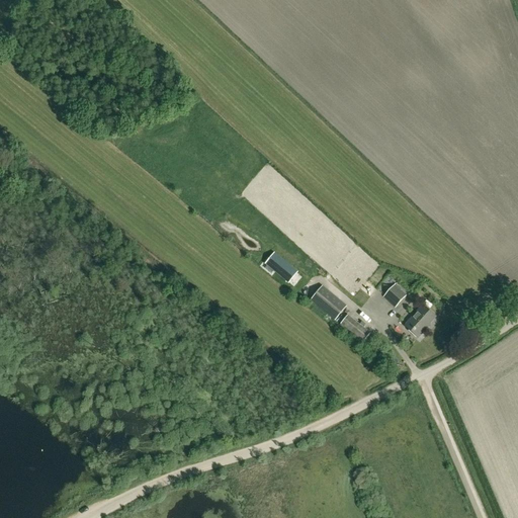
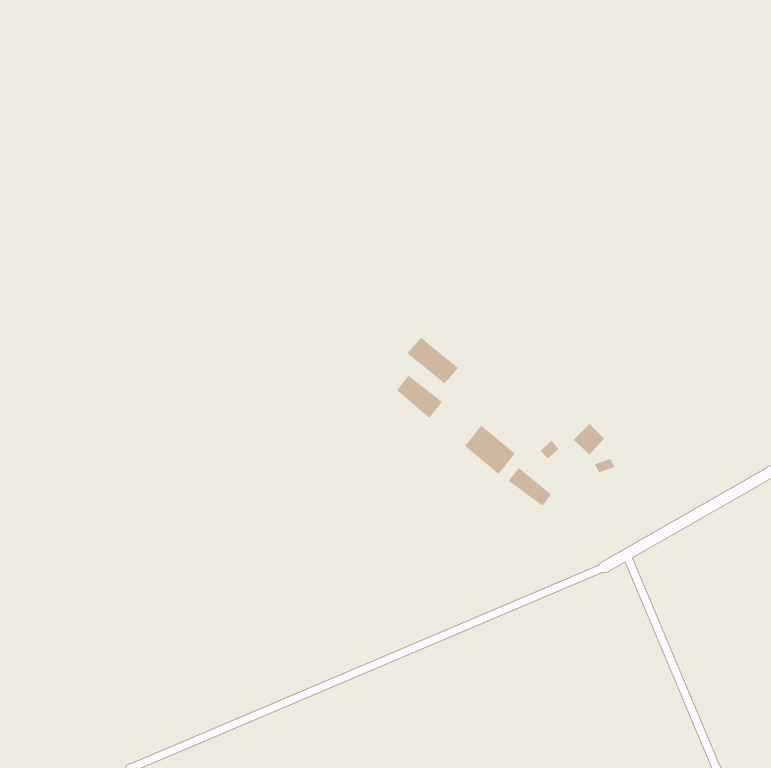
building: none -> [407,337,459,384]
building: [405,303,435,335] -> none

